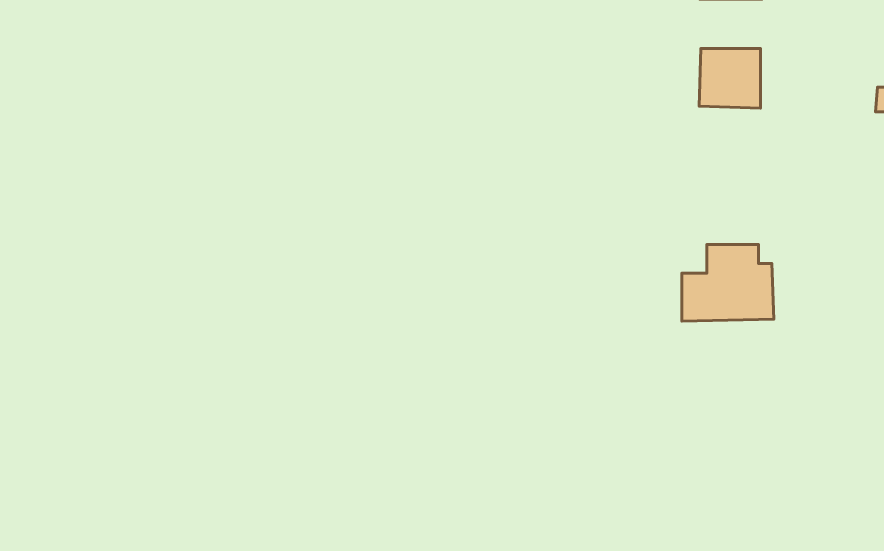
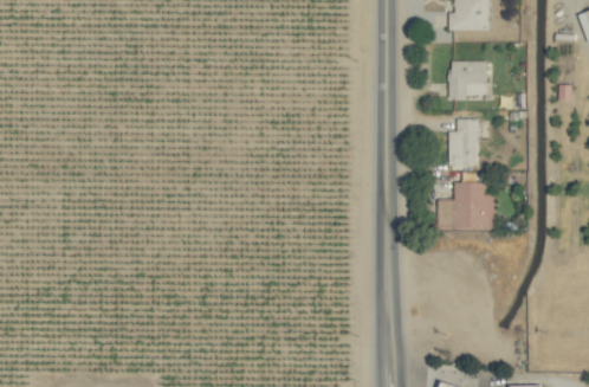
building: none -> [448,120,478,168]

